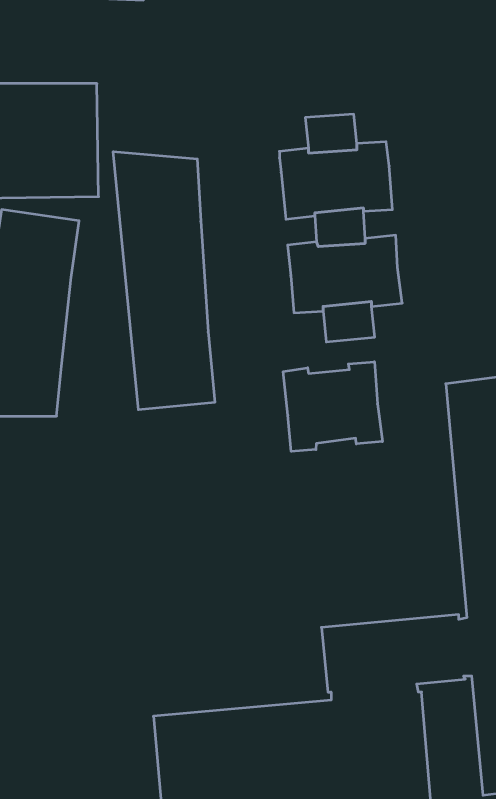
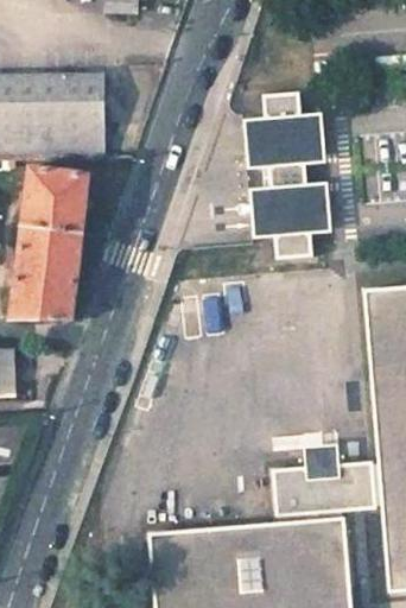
building: [113,152,215,410] -> none
building: [283,362,382,451] -> none

